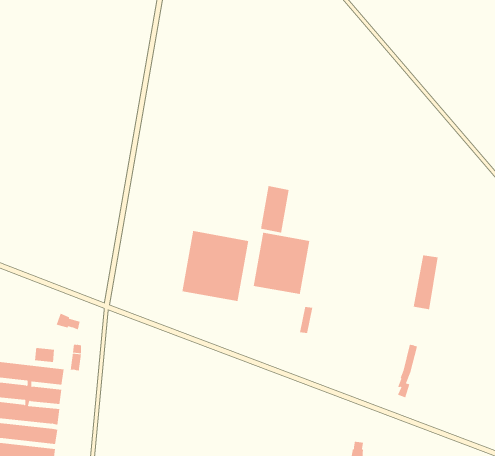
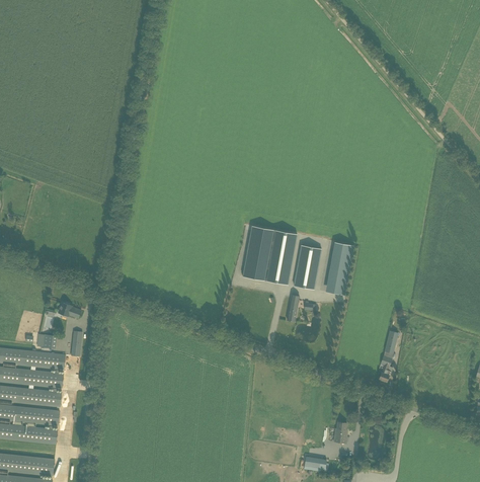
building: [260,186,289,233] -> [293,245,320,290]
building: [182,230,249,302] -> none
building: [413,255,439,310] -> [328,243,352,295]

